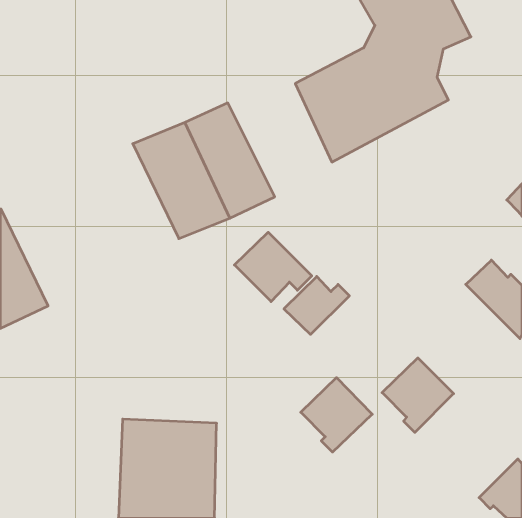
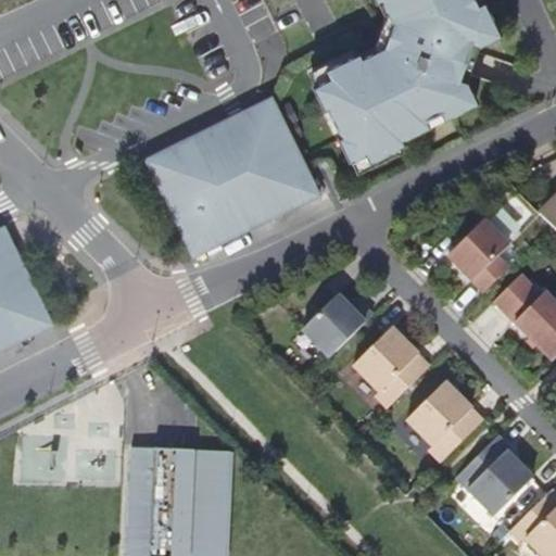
building: none -> [242,94,323,210]
building: none -> [447,218,509,291]
building: [234,232,312,302] -> none
building: [301,378,372,452] -> [353,327,429,406]
building: none -> [455,435,531,515]

